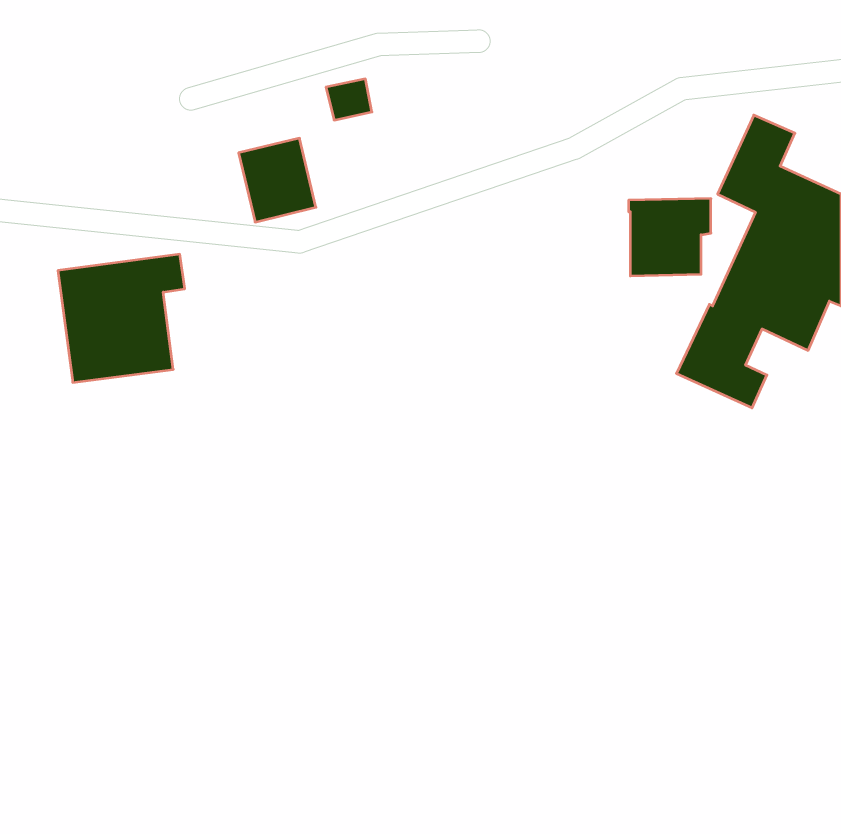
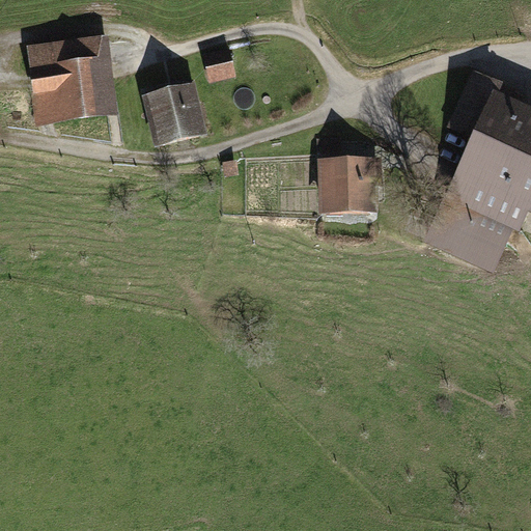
building: [629,199,711,276] -> [325,160,376,208]
building: [58,254,185,382] -> [30,38,110,119]

